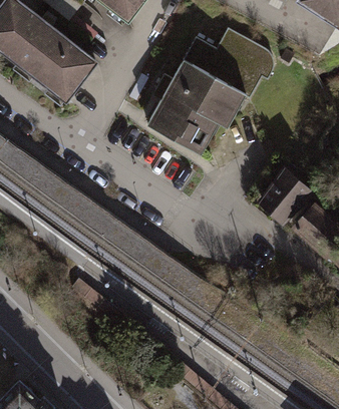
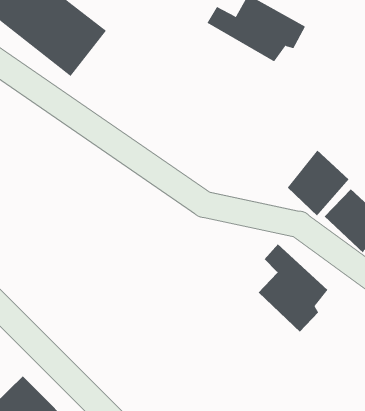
building: [150,55,248,151] -> none
building: none -> [258,243,328,332]

